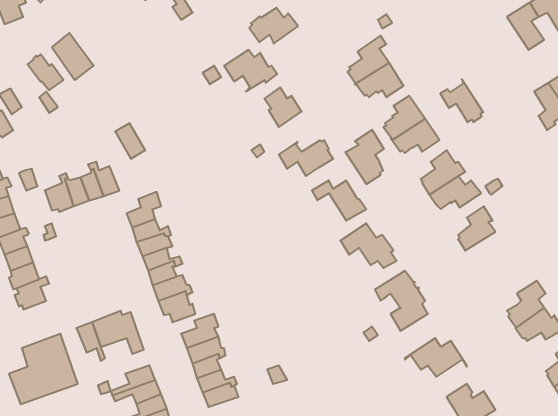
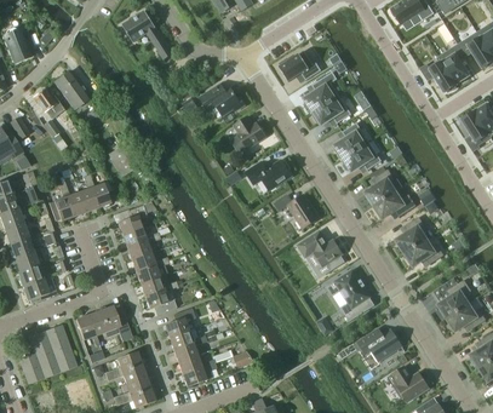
building: [249,8,298,44] -> [279,51,320,81]
building: [440,79,483,122] -> [420,56,457,92]
building: [345,130,384,184] -> none
building: none -> [403,237,445,265]

